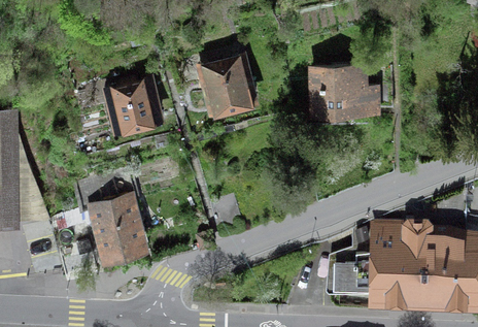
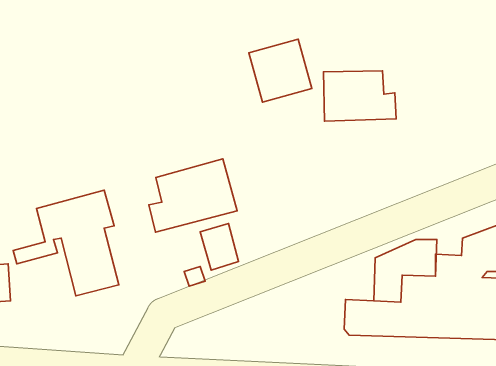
building: [203,59,255,111] -> [249,39,312,102]
building: [109,81,162,130] -> none
building: none -> [149,159,237,232]

